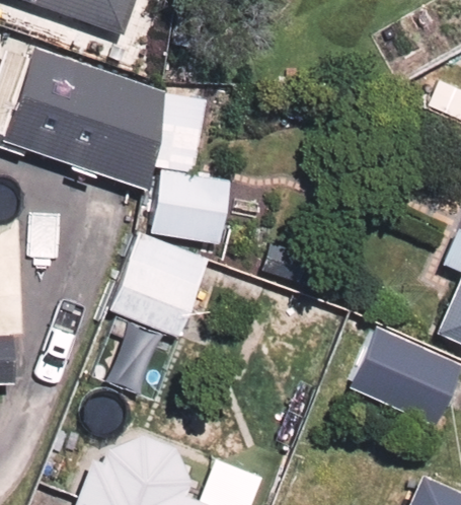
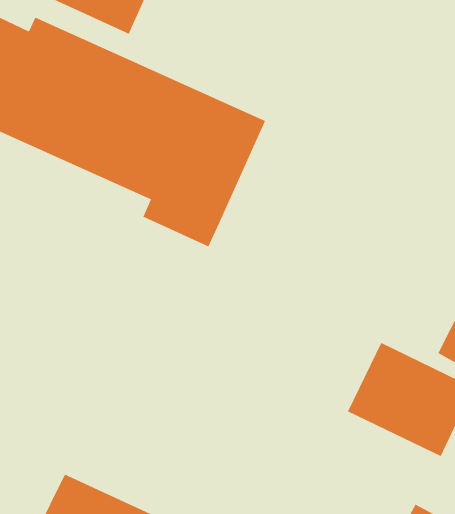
building: [110,229,213,342] -> none

